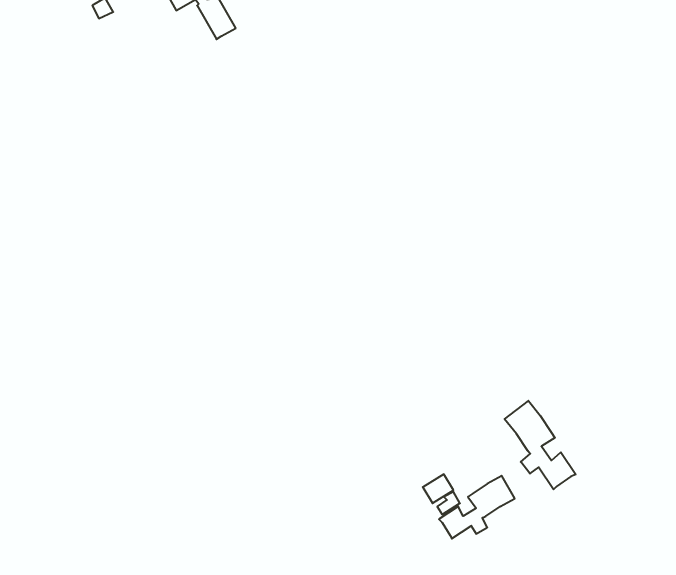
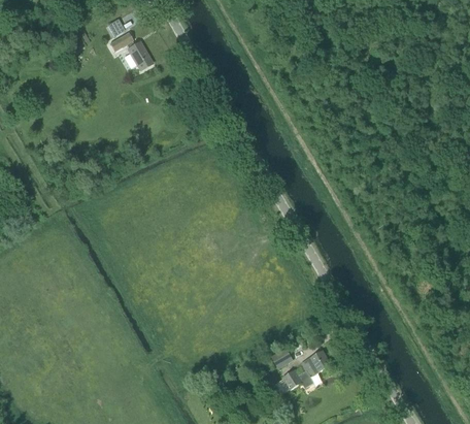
building: [505,401,576,489] -> none

